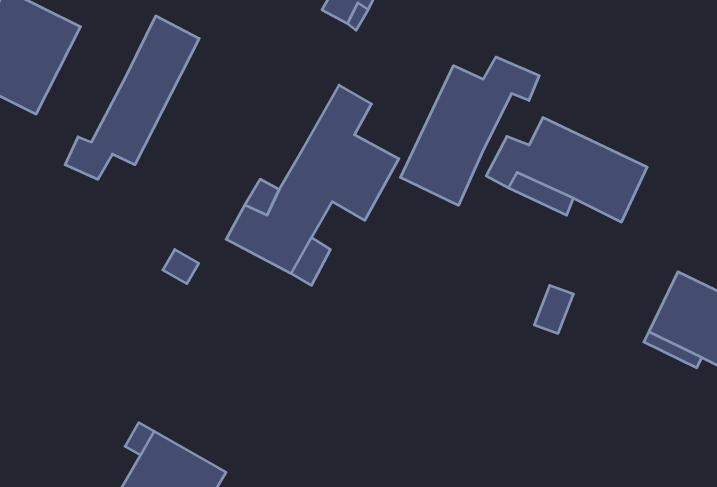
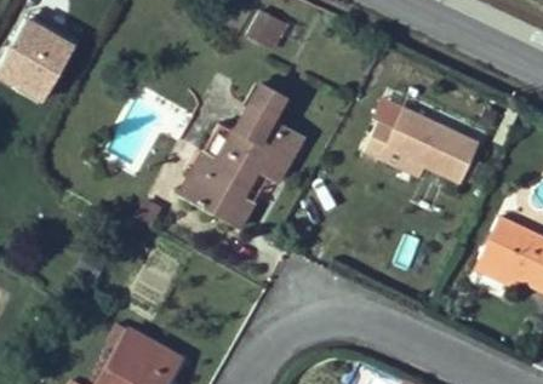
building: [65,16,199,179] -> none
building: [400,57,539,205] -> none

